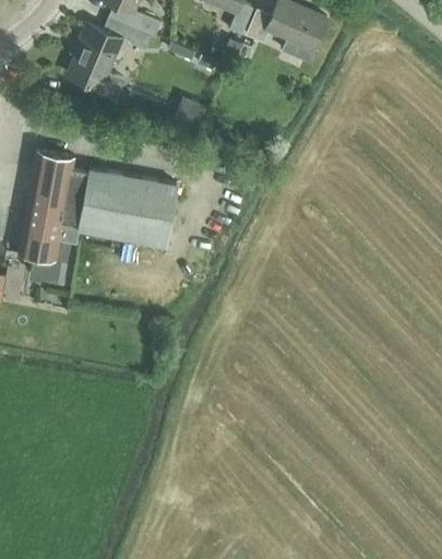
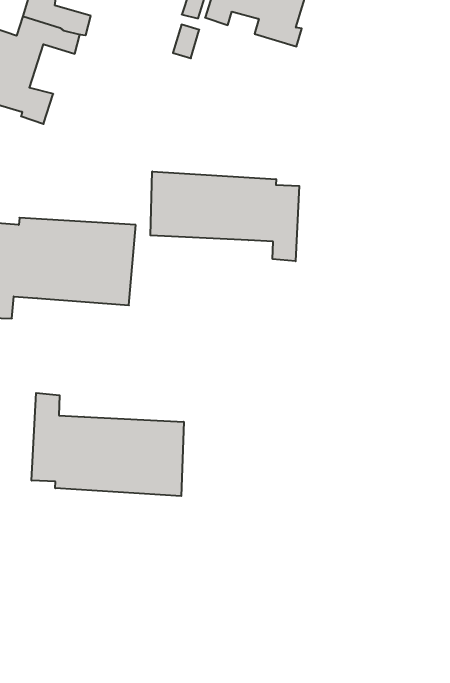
building: none -> [150,171,299,261]
building: none -> [32,393,184,496]

